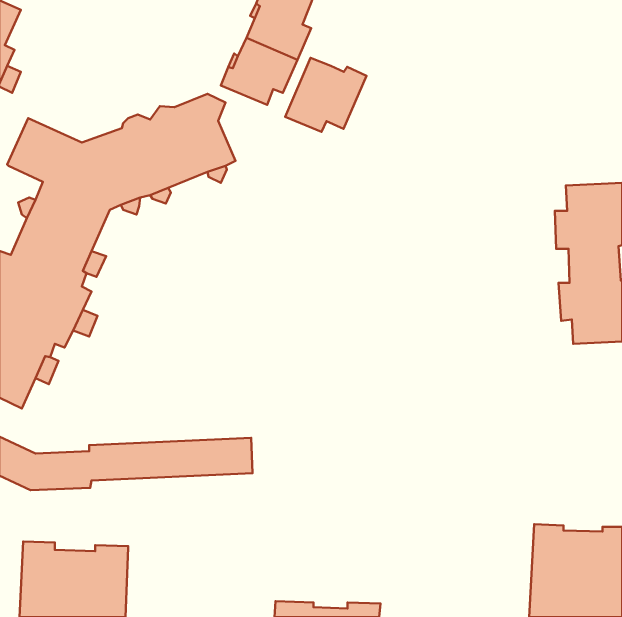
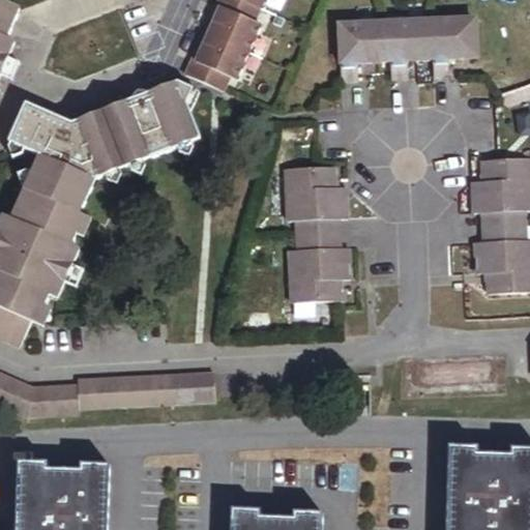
building: none -> [337,14,477,79]
building: [285,58,367,132] -> none
building: none -> [284,165,350,301]

